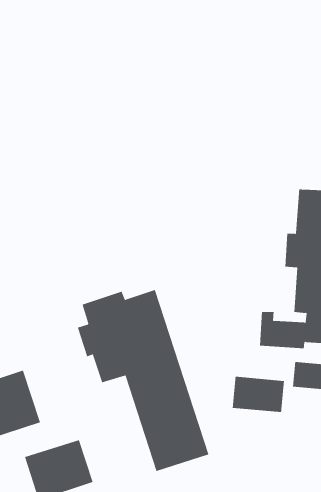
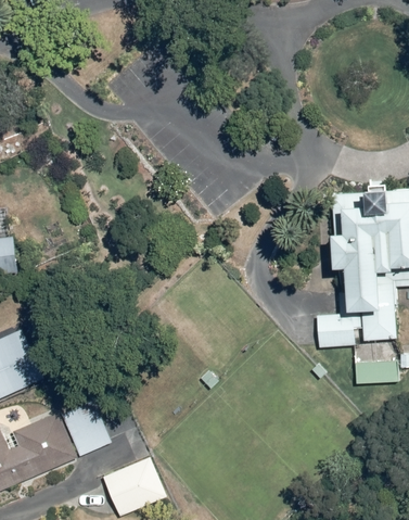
building: [77,289,209,472] -> none
building: [232,376,284,413] -> none

